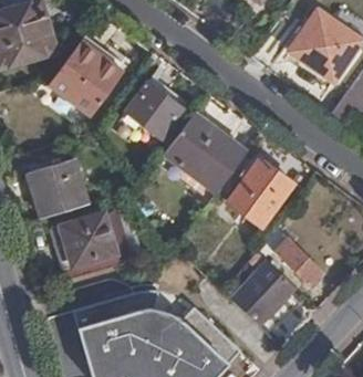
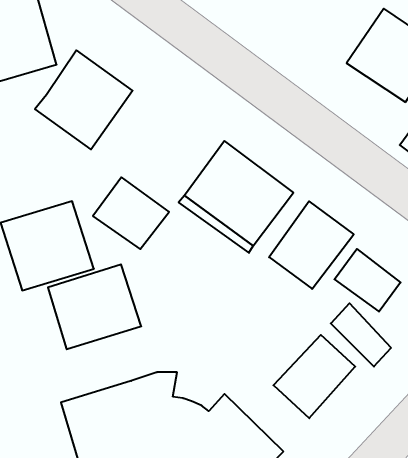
building: [126,82,185,137] -> [93,177,169,249]
building: none -> [334,249,401,312]

